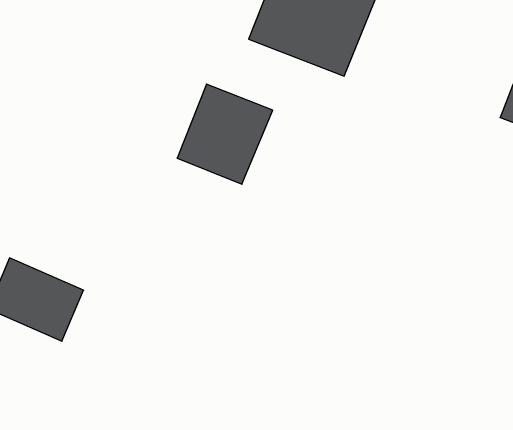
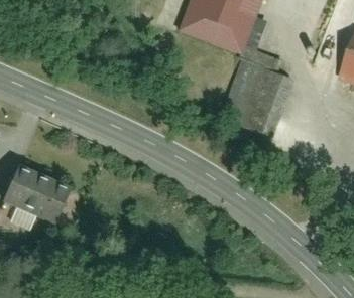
building: [177,84,273,184] -> [231,63,293,129]

